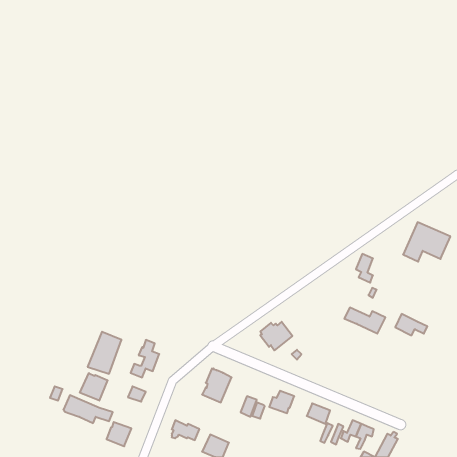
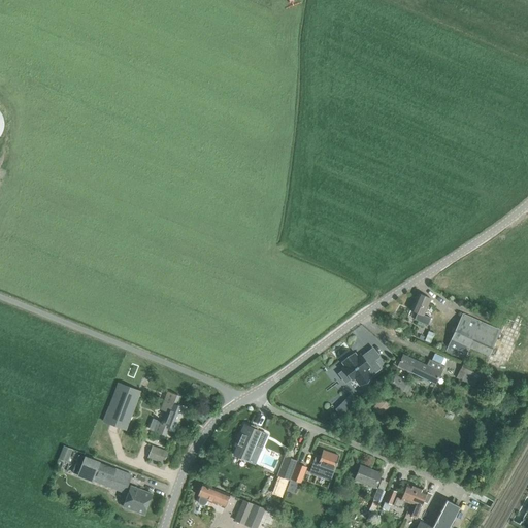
building: [403,222,450,262] -> [446,314,500,359]
building: [260,322,292,350] -> [341,352,378,385]
building: [80,373,108,401] -> none

